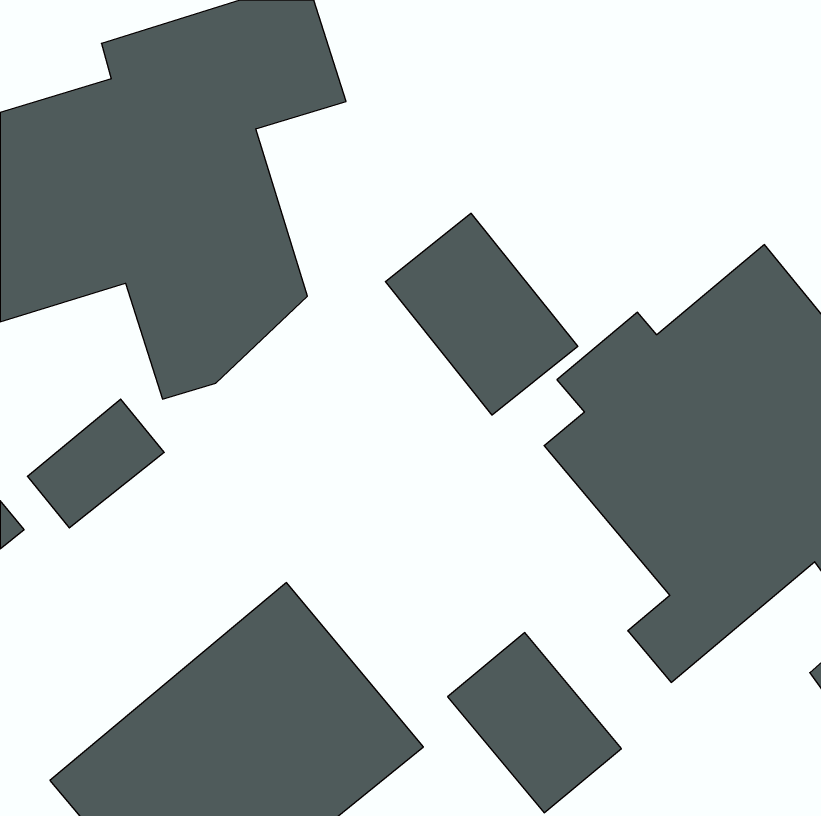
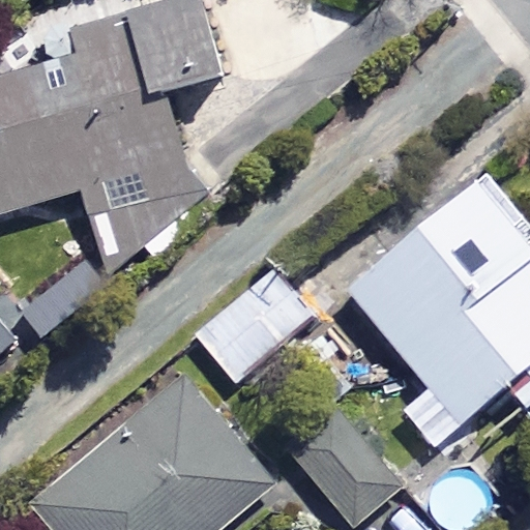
building: [385,213,578,415] -> none
building: none -> [194,269,316,387]

